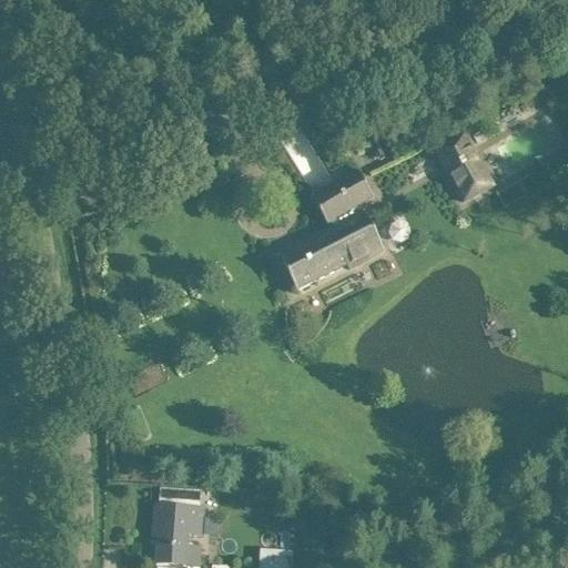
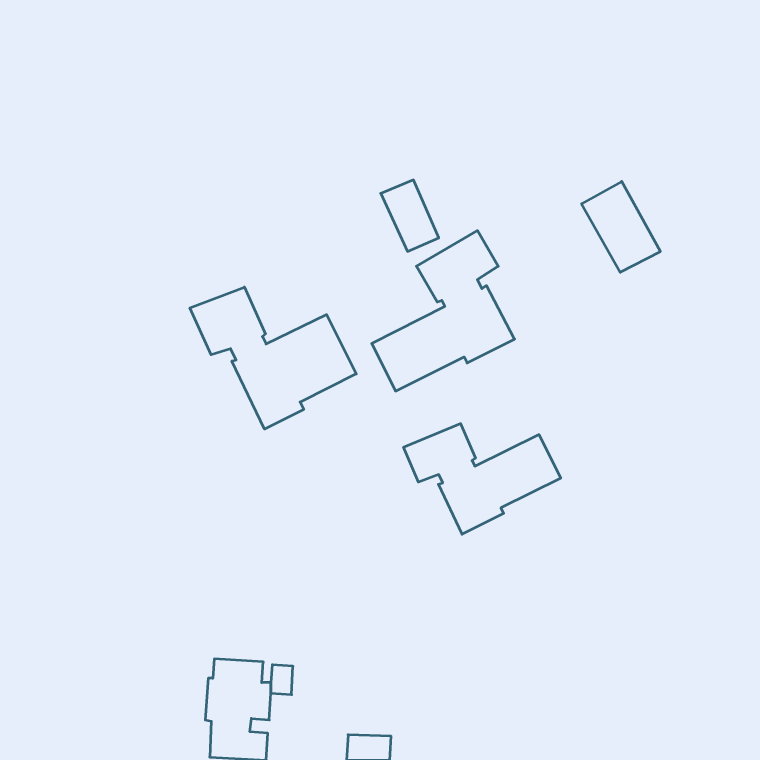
building: none -> [190,287,356,429]
building: none -> [404,424,561,534]

